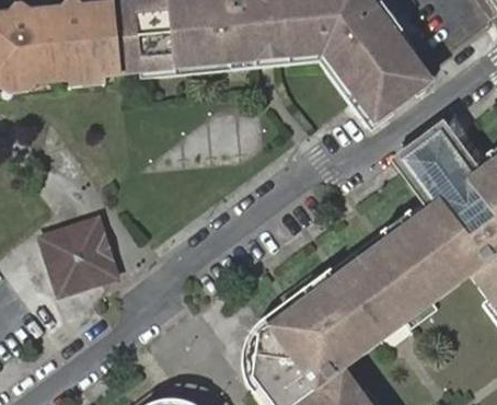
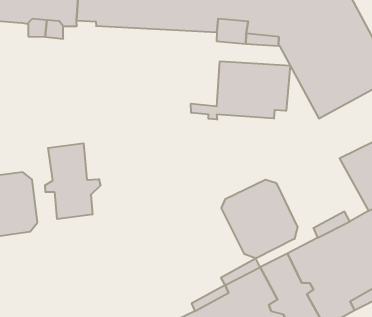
building: none -> [191,61,290,120]
building: none -> [45,143,100,219]
building: none -> [221,180,298,258]

